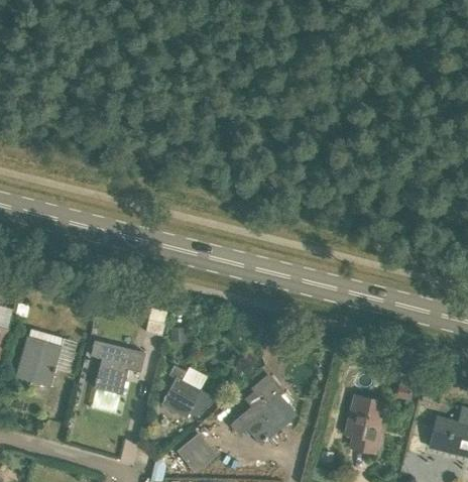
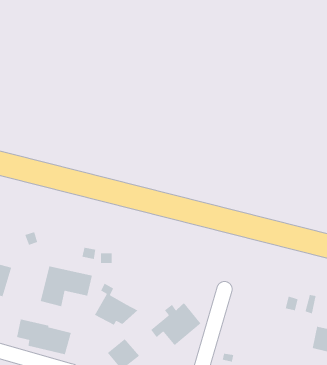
building: [345,392,381,455] -> none
building: none -> [16,319,72,355]

